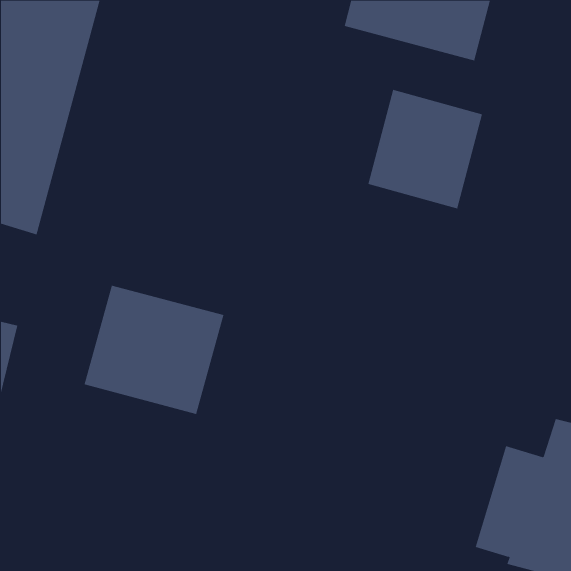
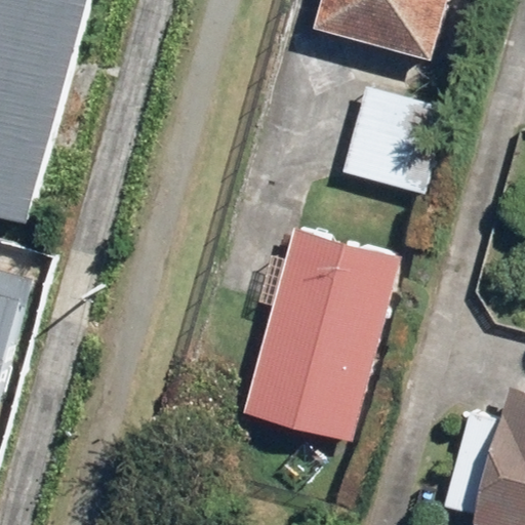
building: none -> [242,226,399,437]
building: [84,285,224,415] -> none

